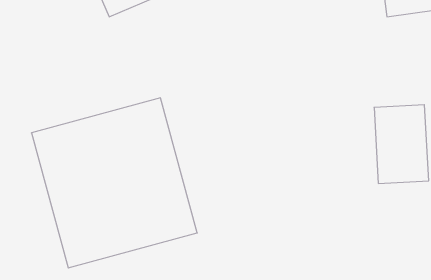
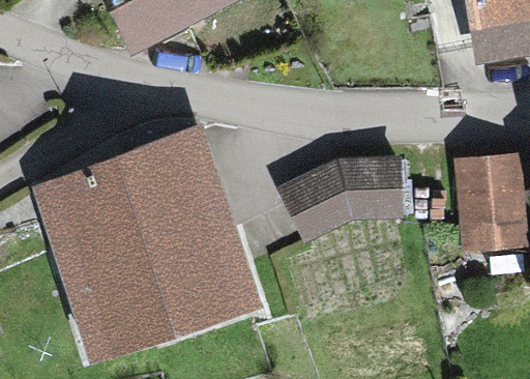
building: none -> [296,152,393,232]

